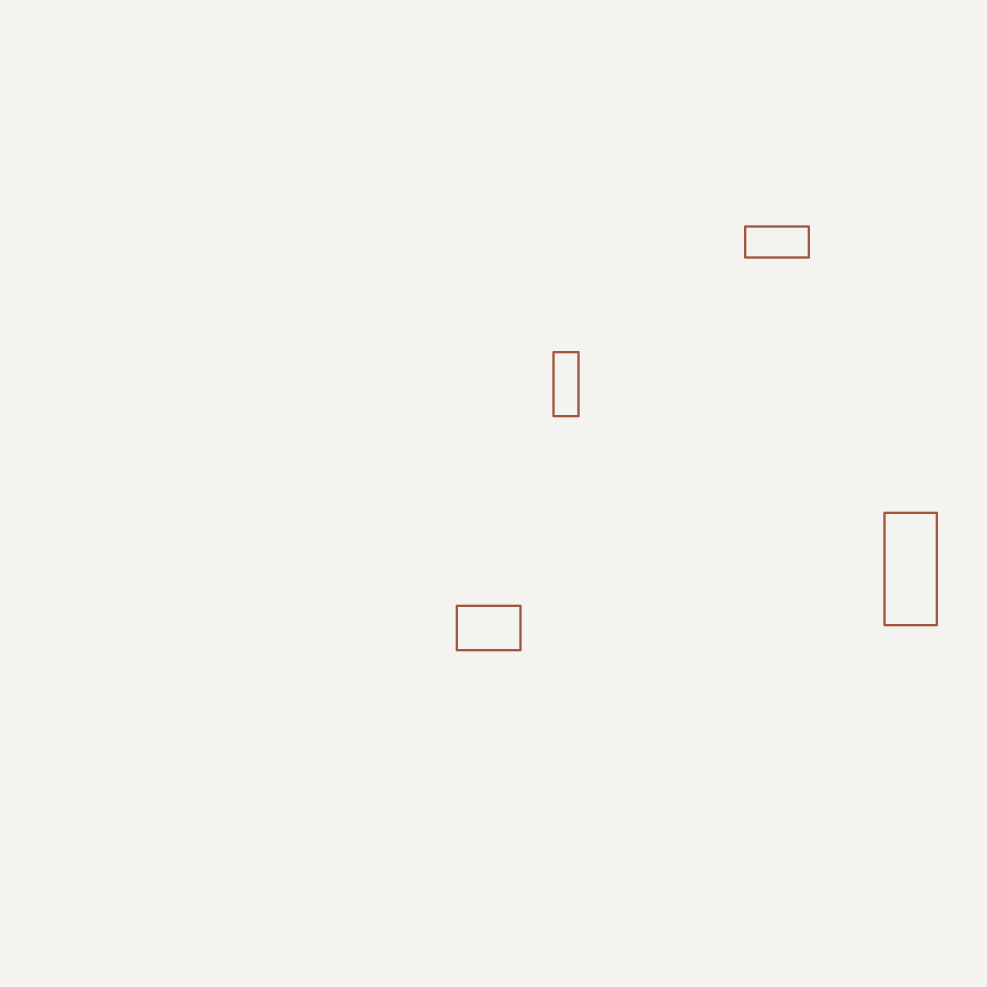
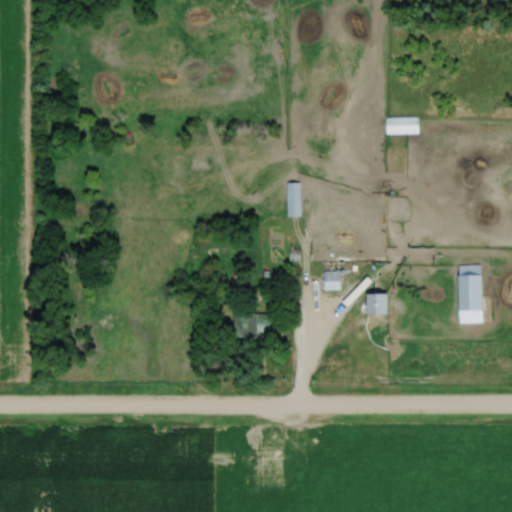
building: none -> [323,271,341,291]
building: none -> [368,295,389,315]

